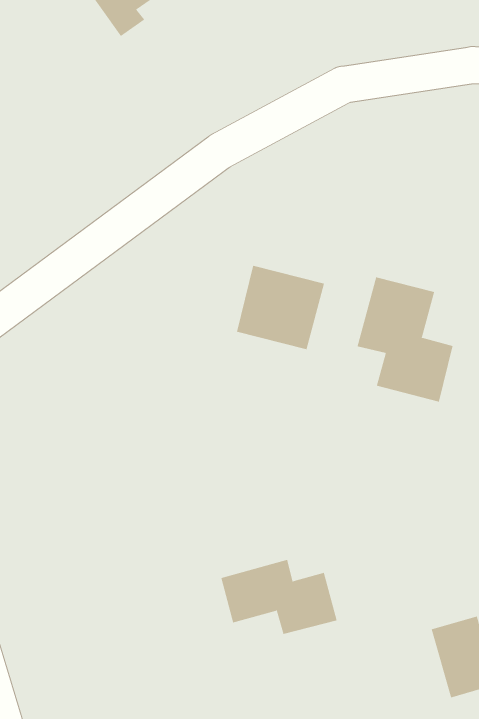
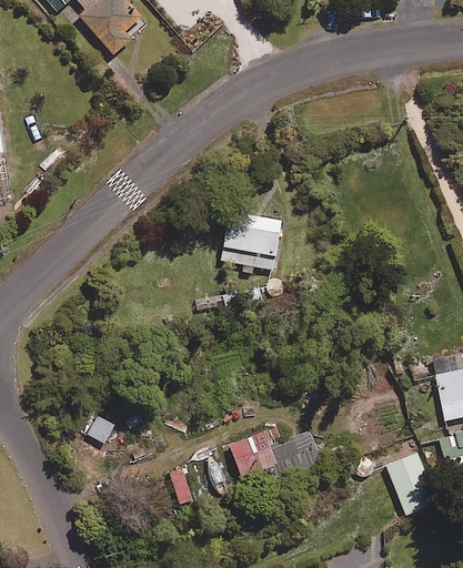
building: [357,277,453,403] -> none

